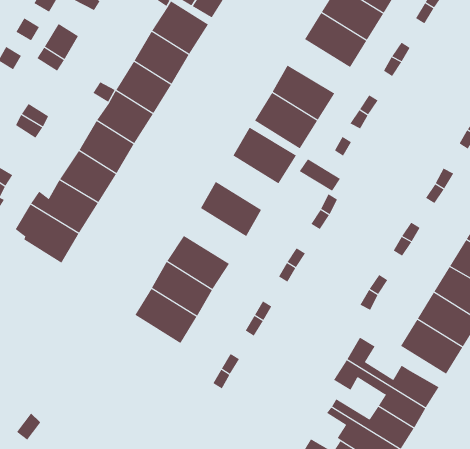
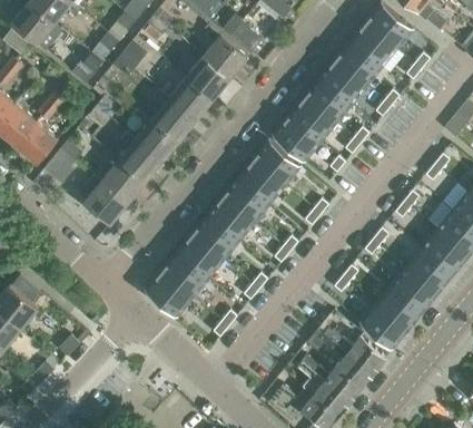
building: none -> [304,78,352,123]
building: none -> [237,159,285,204]
building: none -> [207,196,255,242]
building: none -> [145,271,194,317]

